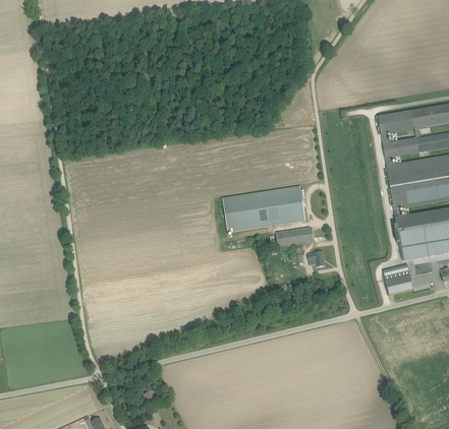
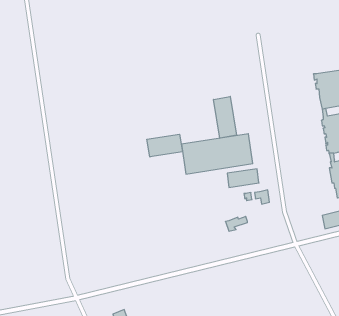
building: none -> [214,96,236,138]
building: none -> [147,134,183,157]

